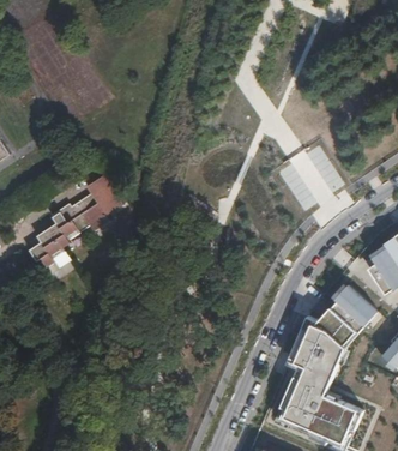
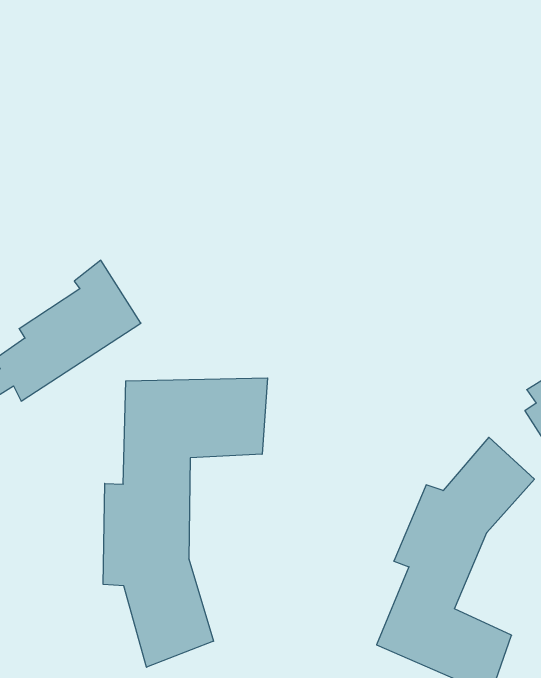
building: none -> [103,378,268,667]

